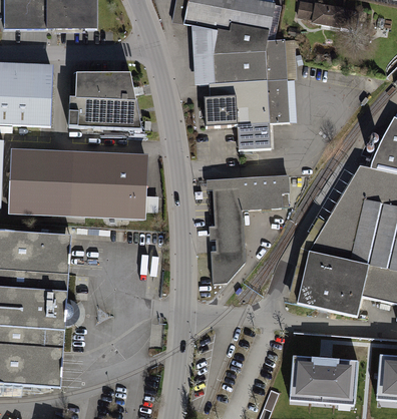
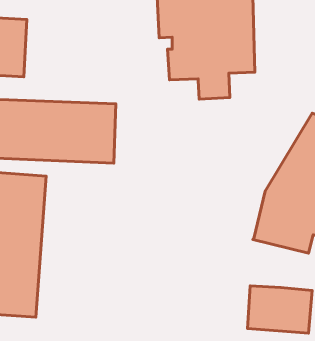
building: [67,72,141,128] -> none
building: [207,174,289,284] -> none

